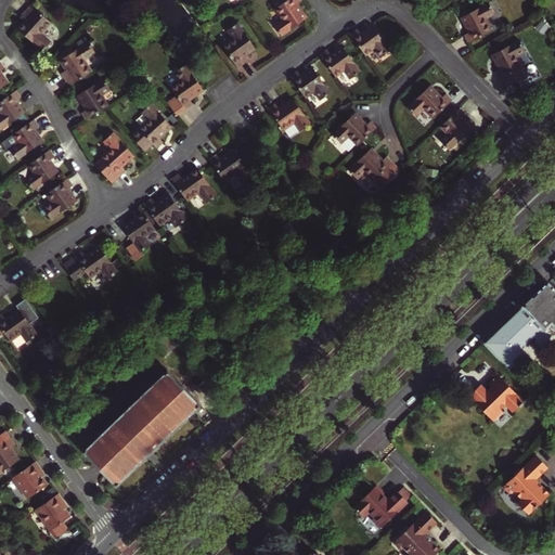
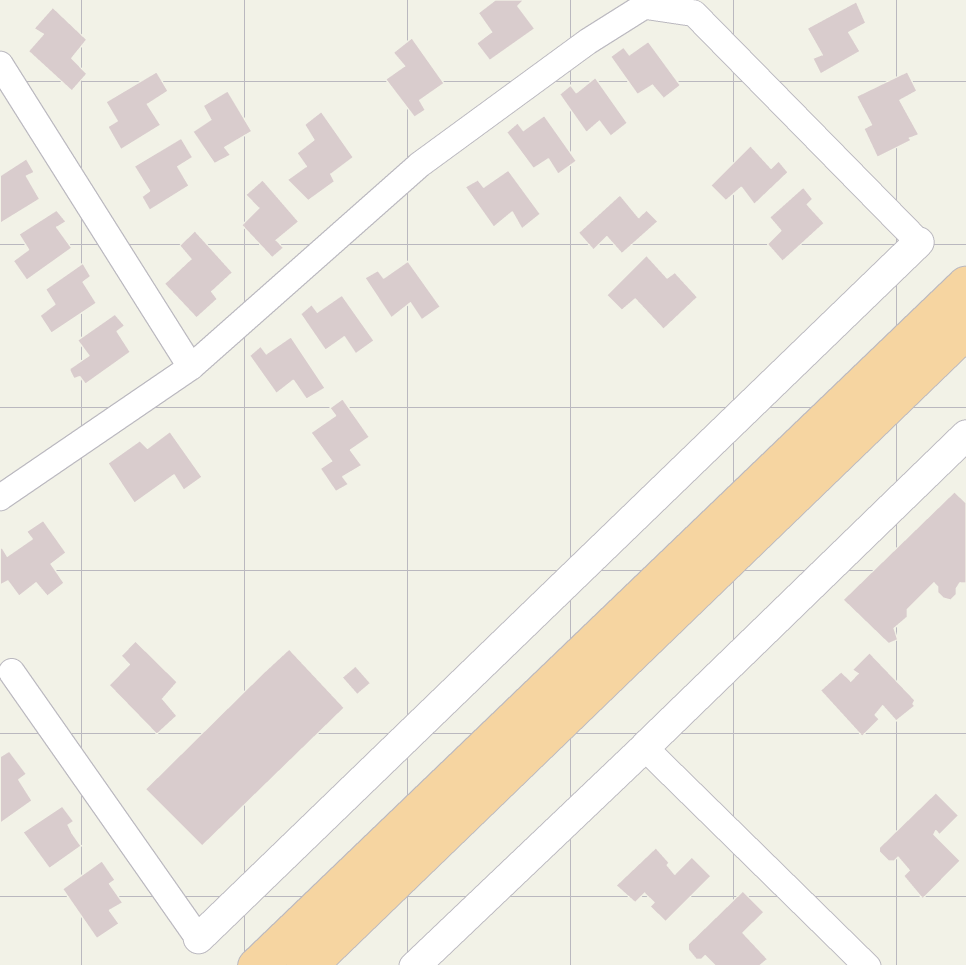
building: none -> [193,91,252,164]
building: [119,208,153,261] -> [311,399,369,492]
building: none -> [109,641,177,734]

